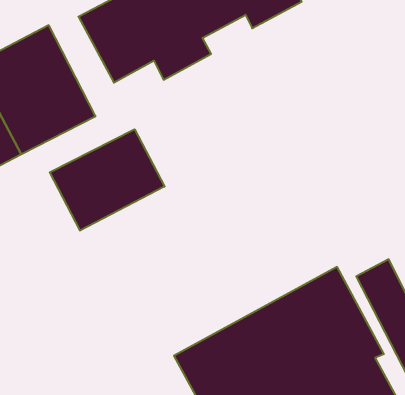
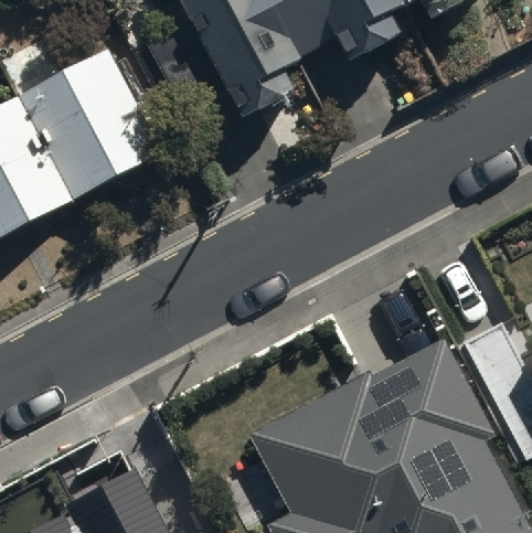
building: [50,129,165,231] -> none

